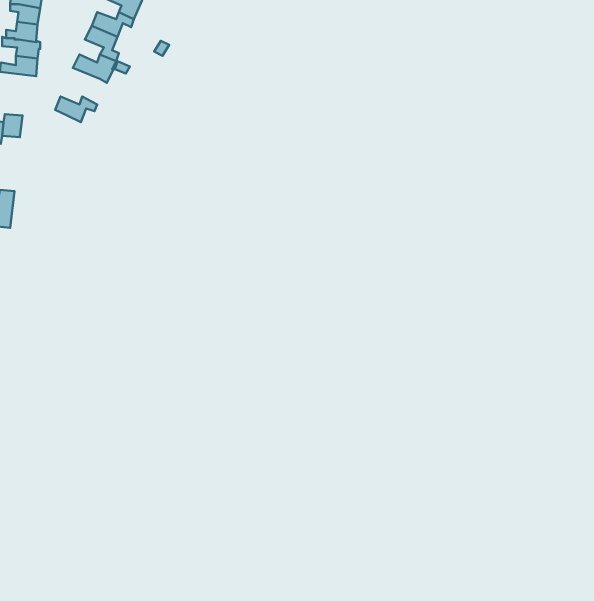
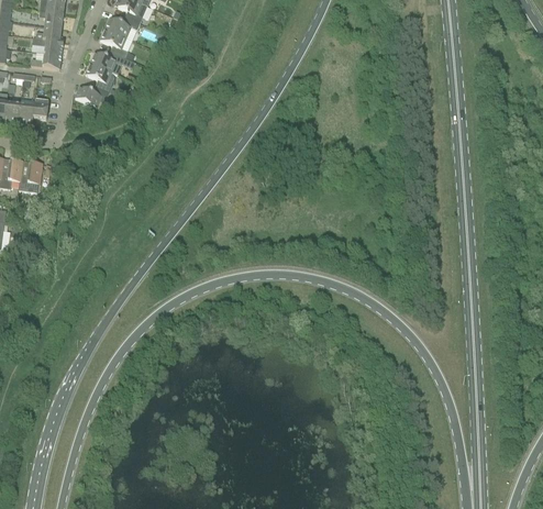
building: none -> [86,59,115,89]

